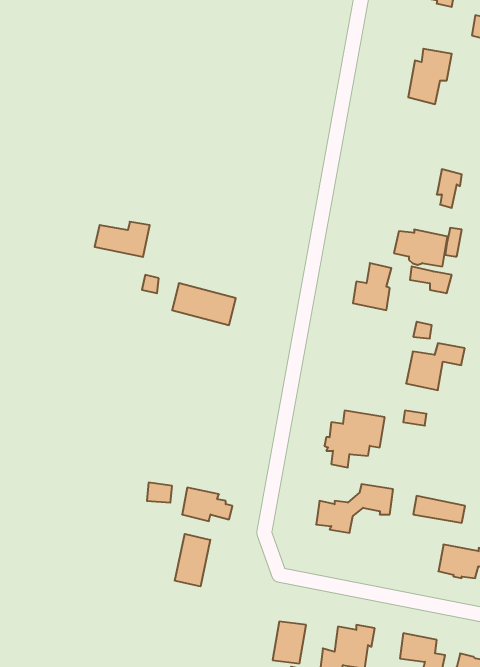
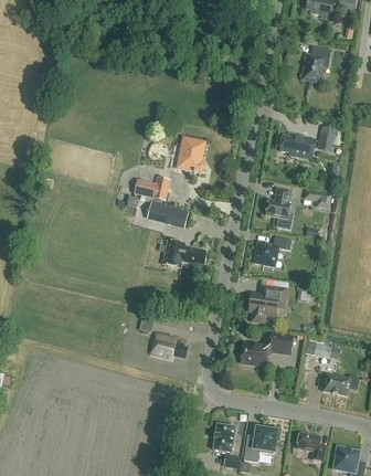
building: none -> [177,137,205,172]
building: [95,222,150,257] -> [134,177,170,200]
building: [394,230,448,266] -> [279,135,315,159]
building: none -> [163,239,206,266]
building: [406,343,465,390] -> [254,236,293,267]
building: [175,534,210,586] -> none

